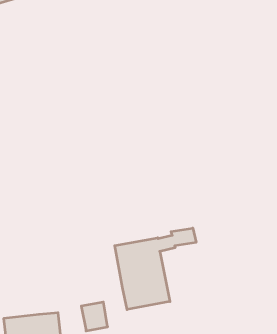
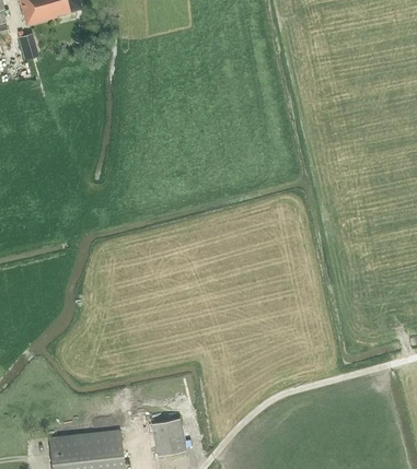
building: [115,228,196,310] -> none

